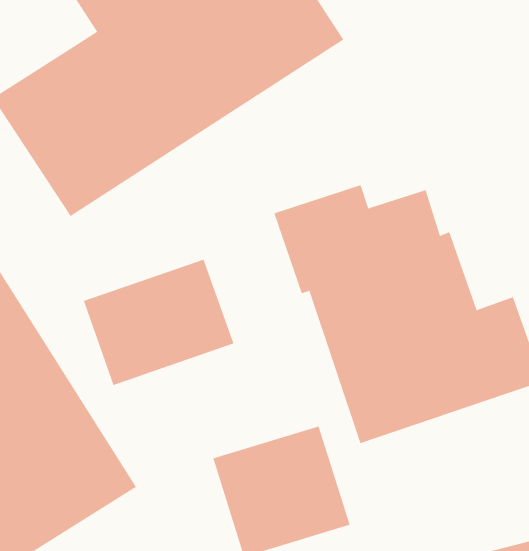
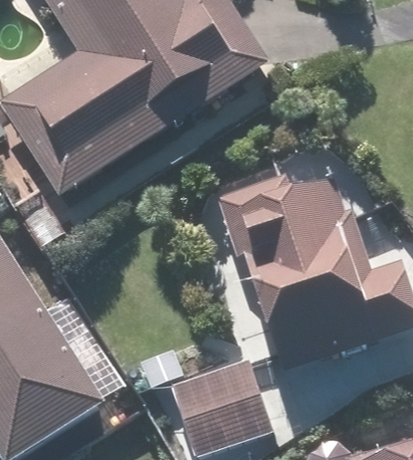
building: [83,259,234,386] -> none

